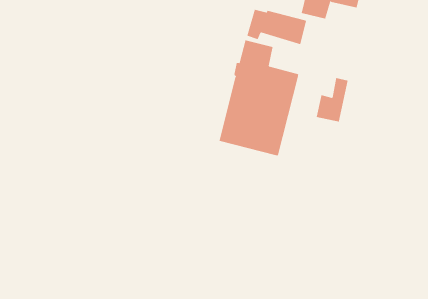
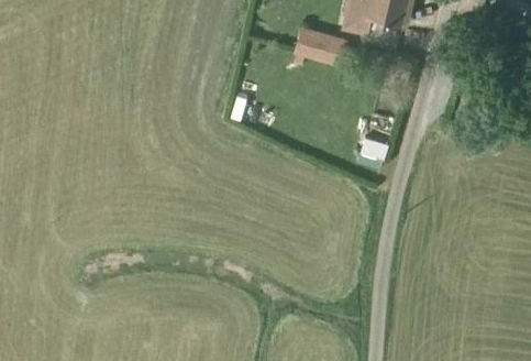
building: [219,39,299,156] -> none

